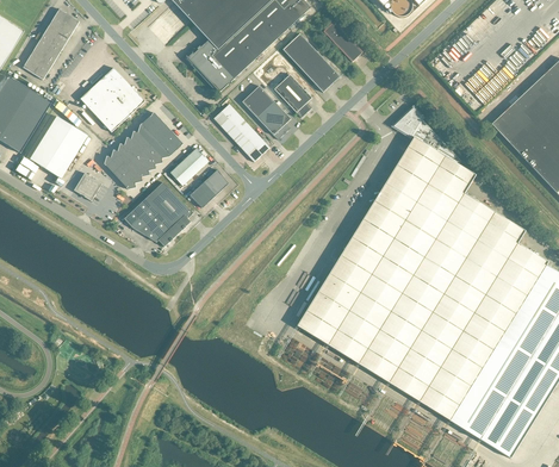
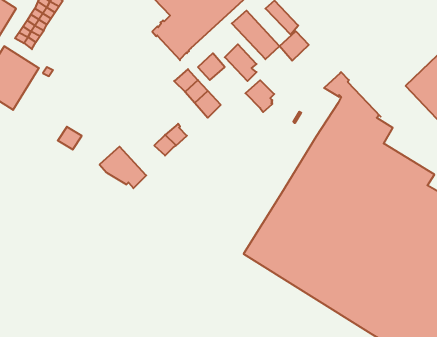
building: none -> [279,31,309,61]
building: [80,66,145,131] -> none
building: [256,100,291,138] -> [245,80,274,112]
building: [105,111,184,187] -> none
building: [30,114,88,178] -> none
building: [170,147,210,183] -> none
building: [148,180,193,230] -> none

